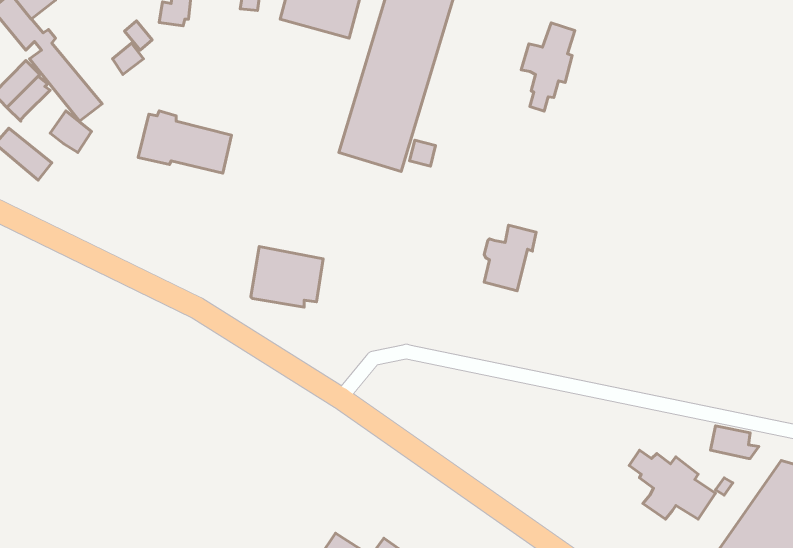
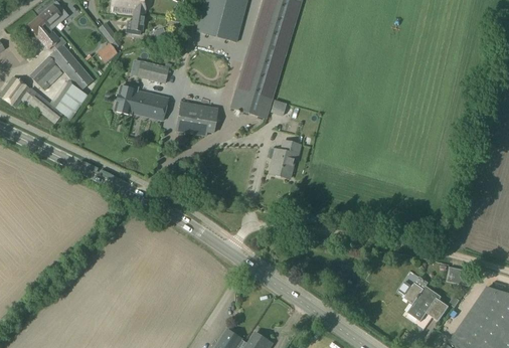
building: [521,23,575,111] -> none
building: none -> [138,60,169,82]
building: [484,225,536,291] -> [270,140,300,178]
building: [251,247,323,307] -> [175,101,217,136]

